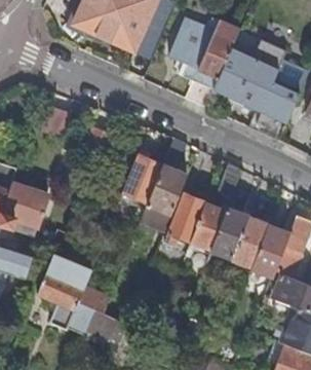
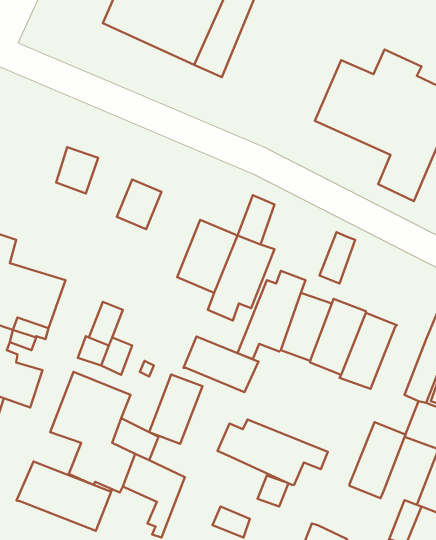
building: [168,18,238,108] -> none
building: [250,225,287,275] -> [350,422,405,498]
building: none -> [184,336,259,392]
building: none -> [149,375,202,444]
building: none -> [218,419,328,485]
building: none -> [17,461,112,531]

